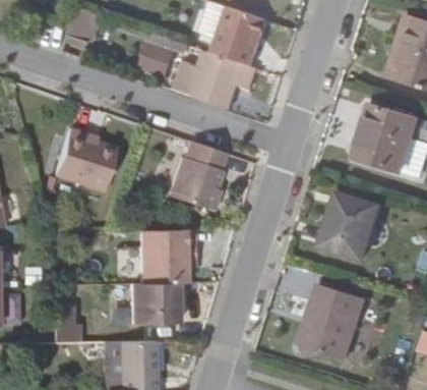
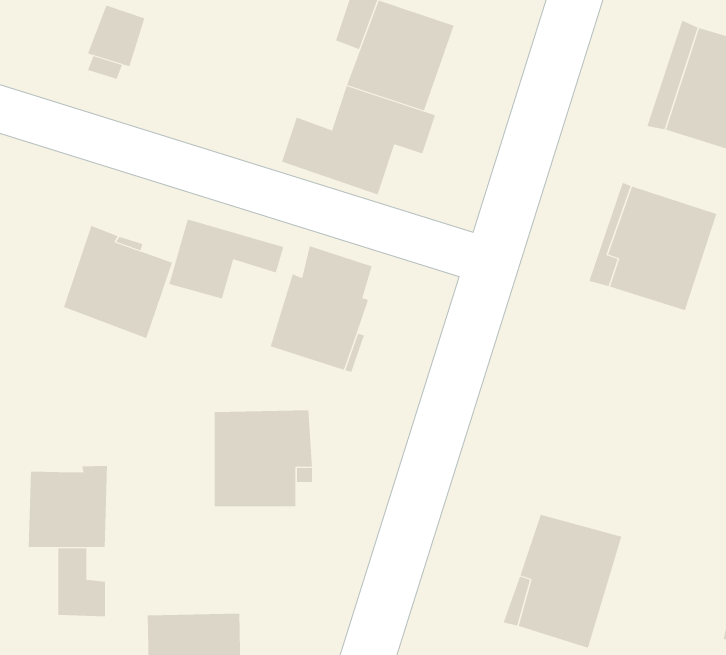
building: [138,32,201,75] -> [169,219,284,299]
building: [323,196,380,260] -> none
building: none -> [28,465,107,548]
building: [130,281,177,321] -> none

